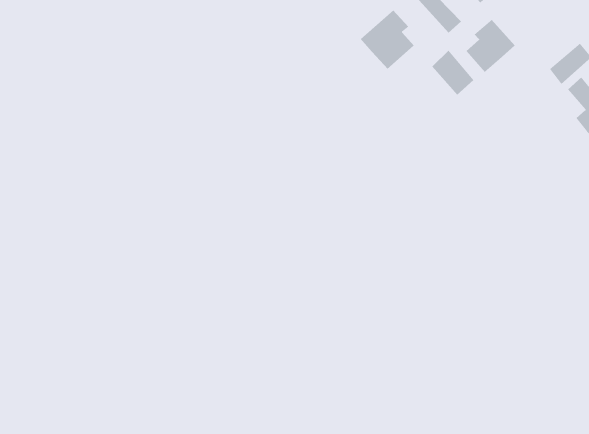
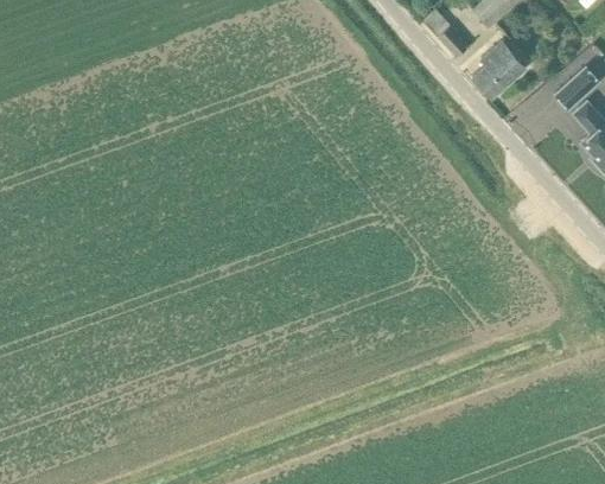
building: [360,9,414,70] -> none
building: [431,50,474,95] -> none

